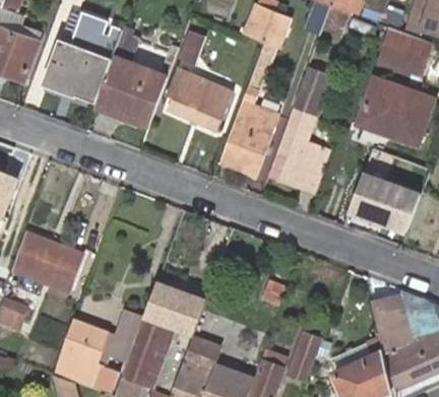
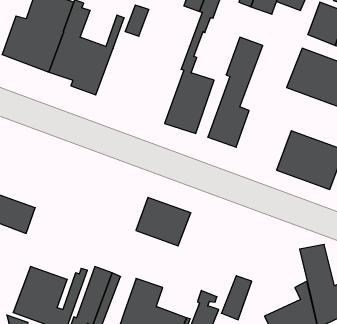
building: [167,71,237,131] -> none
building: [145,280,206,334] -> [136,197,191,246]

